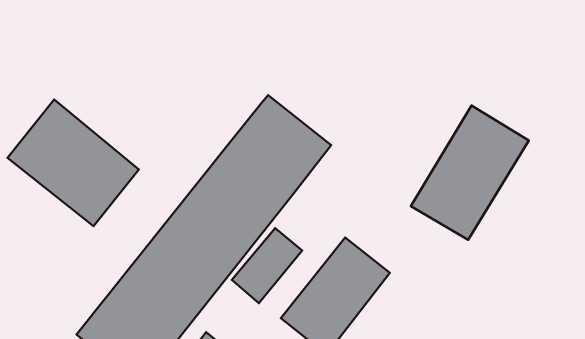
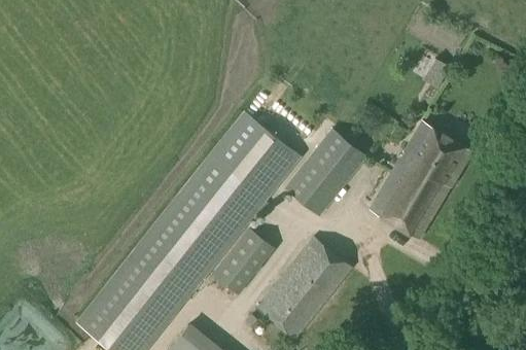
building: [7,99,139,226] -> none
building: none -> [286,130,365,214]

